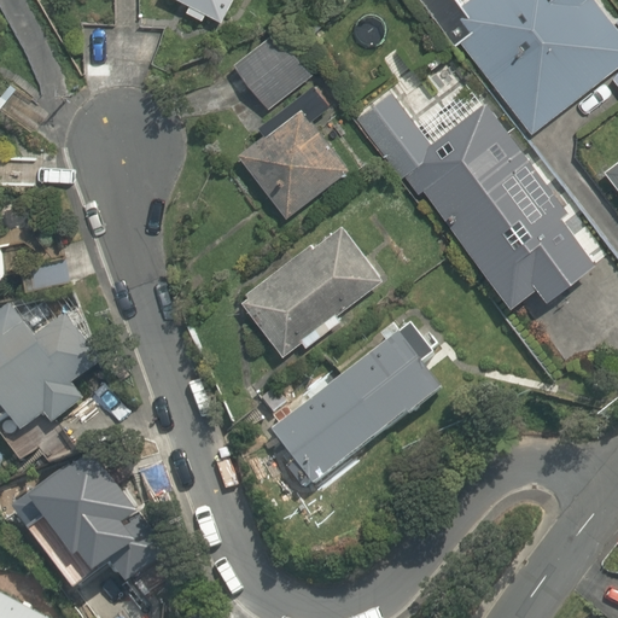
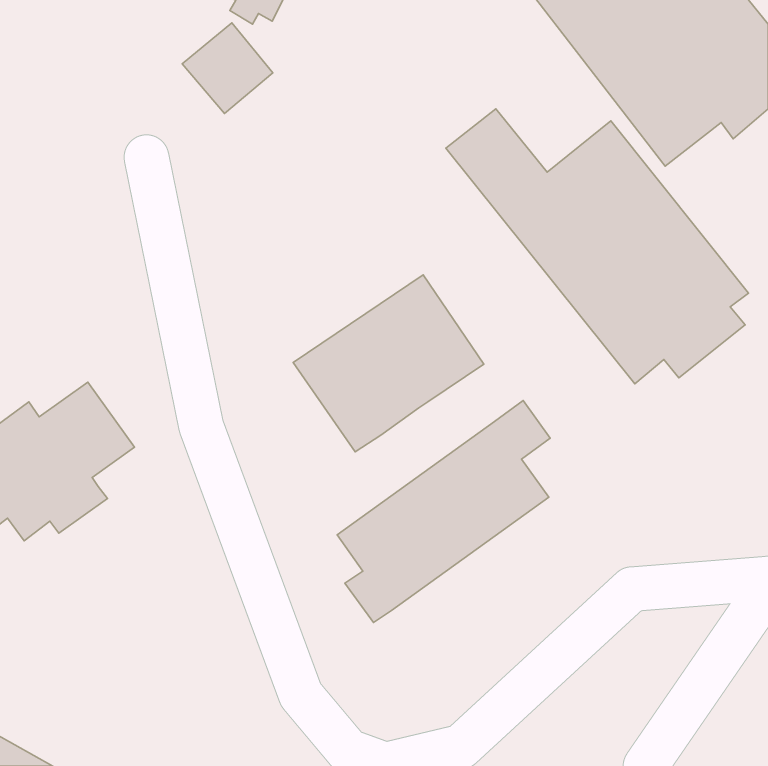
building: [231,31,303,104] -> [182,23,273,114]
building: [235,104,348,212] -> none
building: [13,468,154,594] -> none

